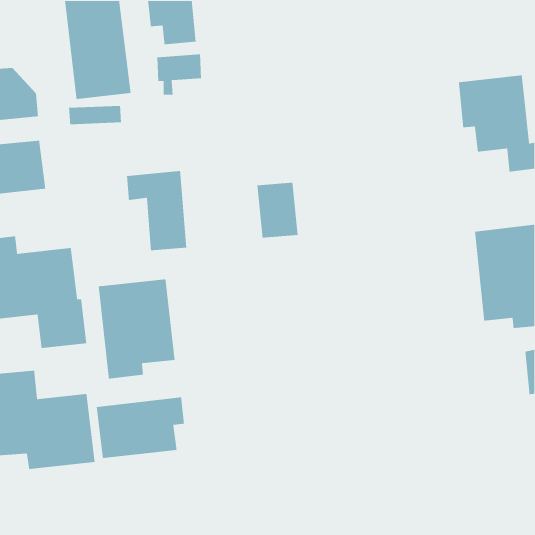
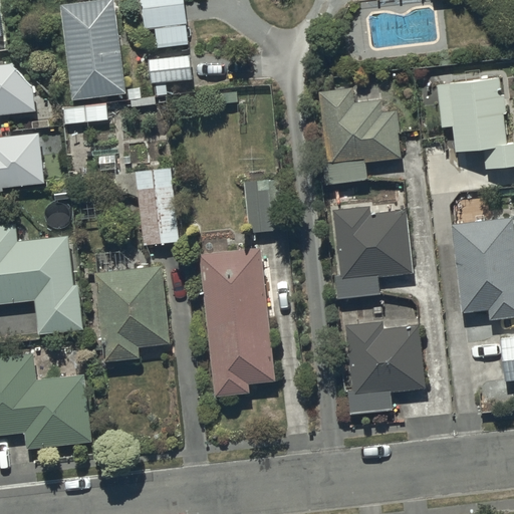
building: none -> [320,85,402,182]
building: none -> [335,205,411,295]
building: none -> [195,249,271,400]
building: none -> [341,322,423,416]
building: [96,397,185,459] -> none

